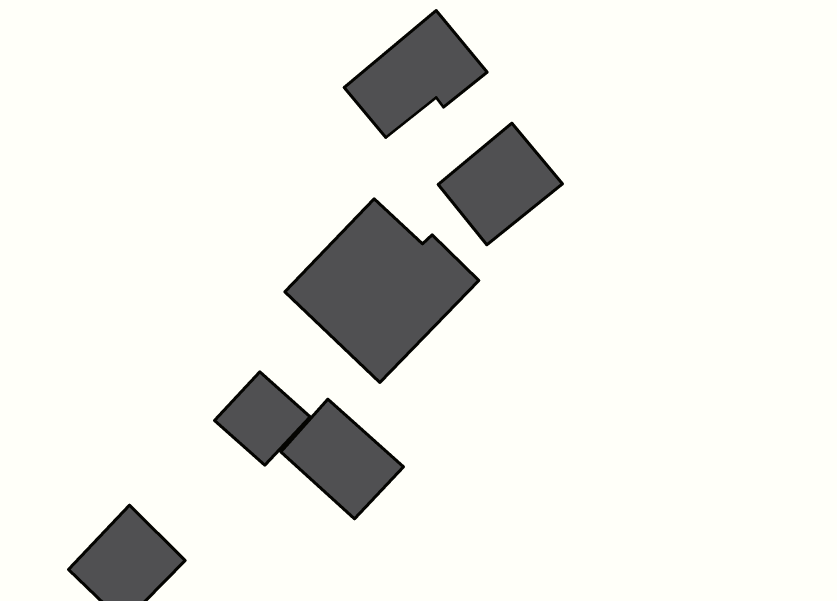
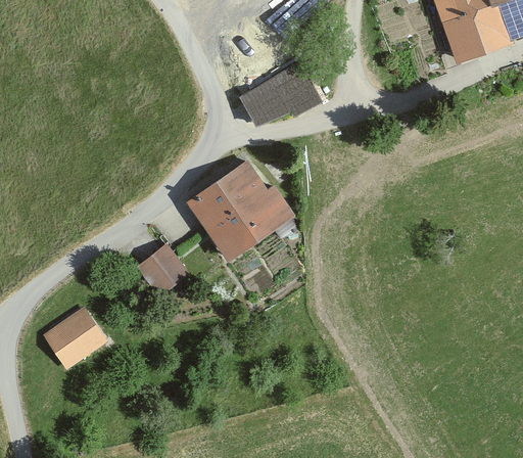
building: [438,123,562,245] -> none
building: [281,399,403,519] -> none

